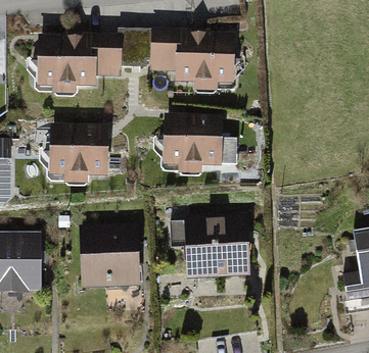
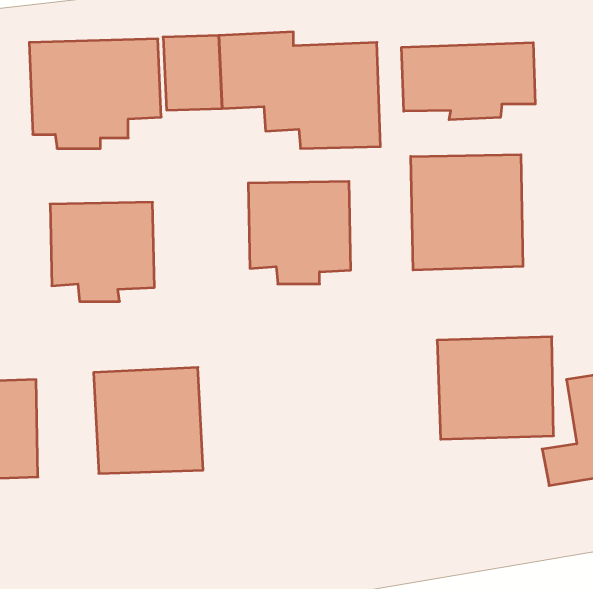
building: none -> [402,43,535,120]
building: none -> [411,155,523,270]
building: [182,217,250,278] -> [437,337,554,439]

